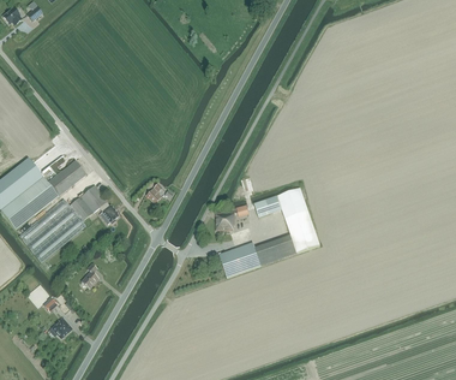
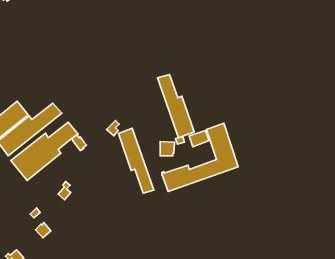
building: none -> [157,75,194,138]
building: none -> [118,128,154,193]

